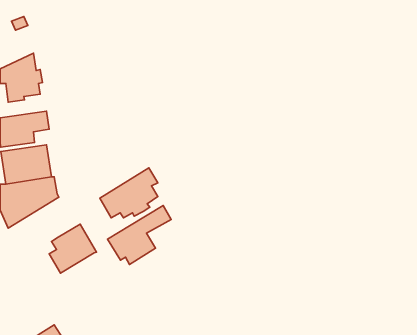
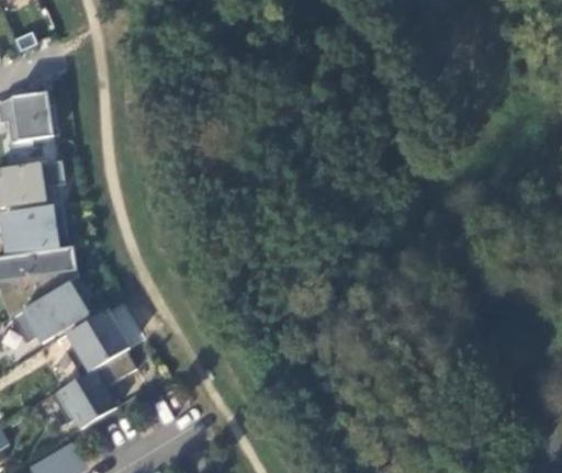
building: [100,168,158,218] -> [11,274,89,341]
building: [107,205,171,264] -> [52,348,137,427]

